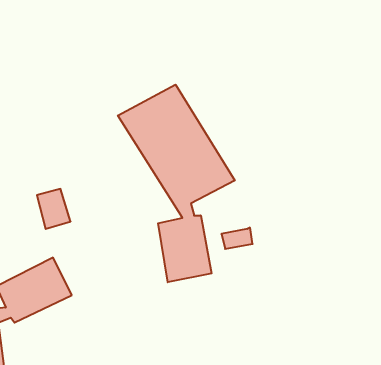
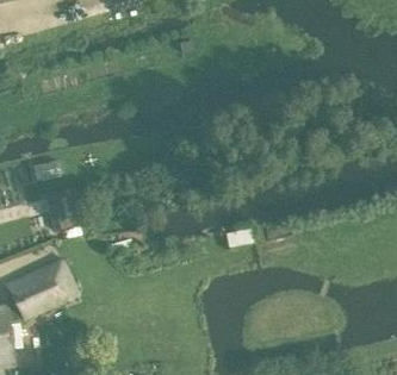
building: [118,85,235,282] -> none

